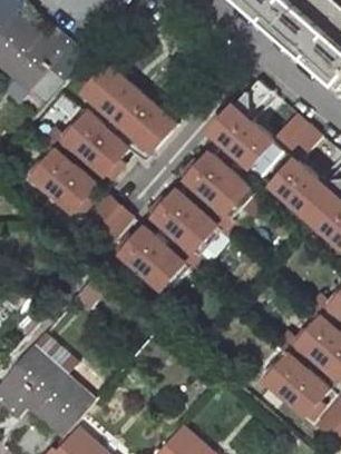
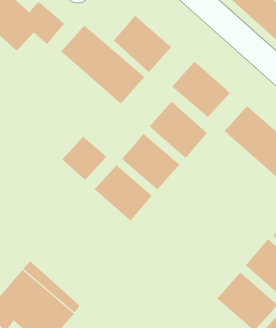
building: [59,109,128,177] -> [113,15,172,73]
building: [271,111,319,158] -> none
building: [27,147,97,214] -> none

